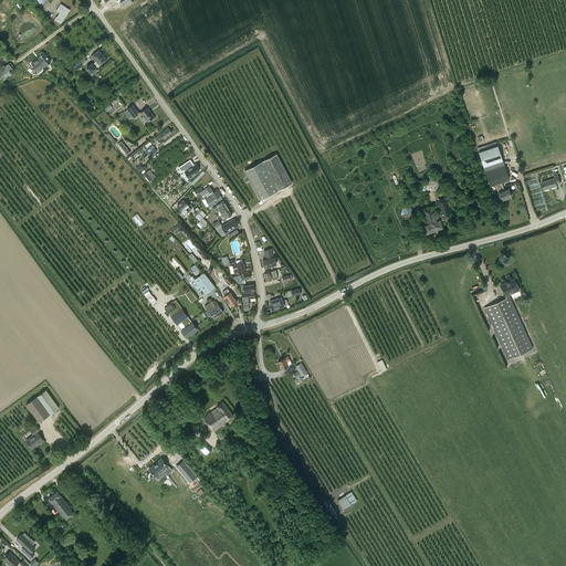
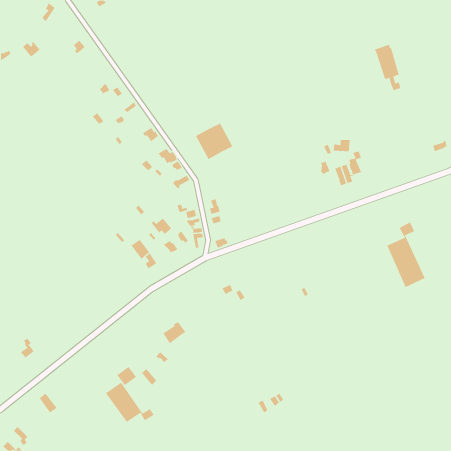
building: [476,142,511,200] -> [374,44,401,91]
building: [27,390,59,422] -> none
building: none -> [105,382,155,423]

